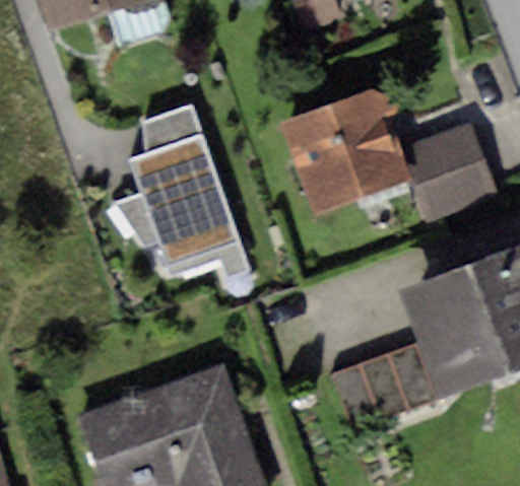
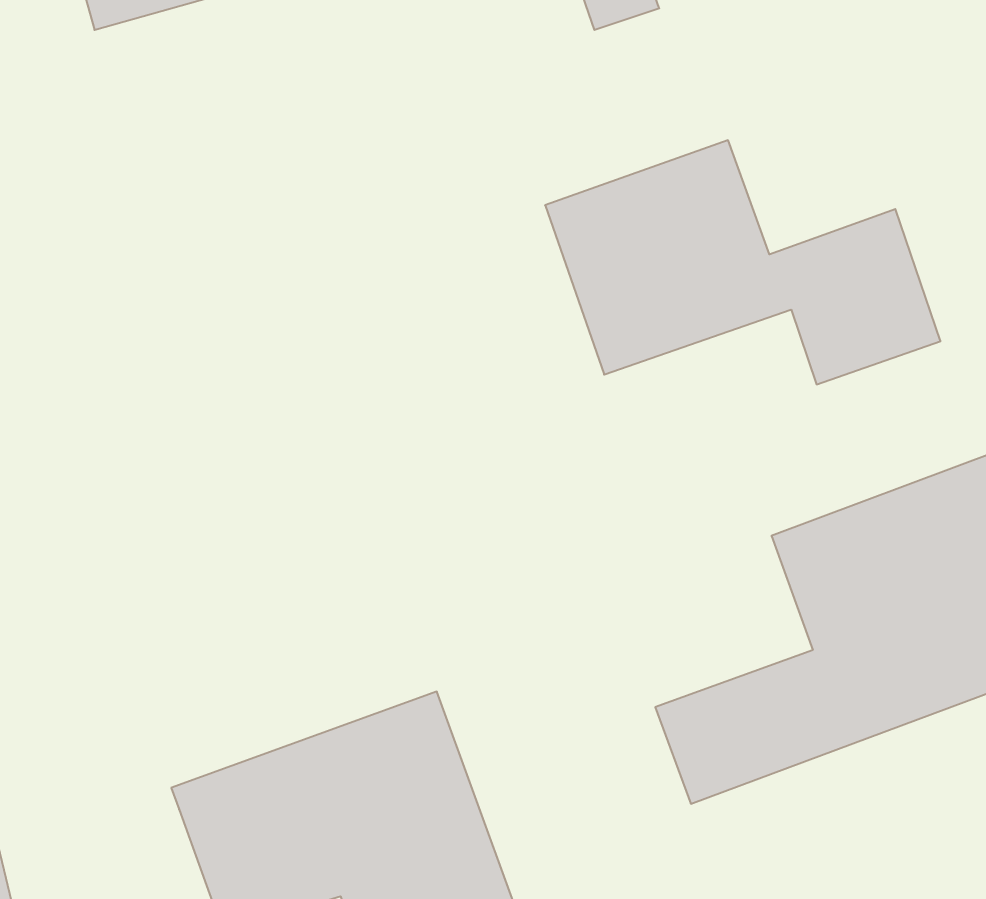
building: [114,102,247,271] -> none

